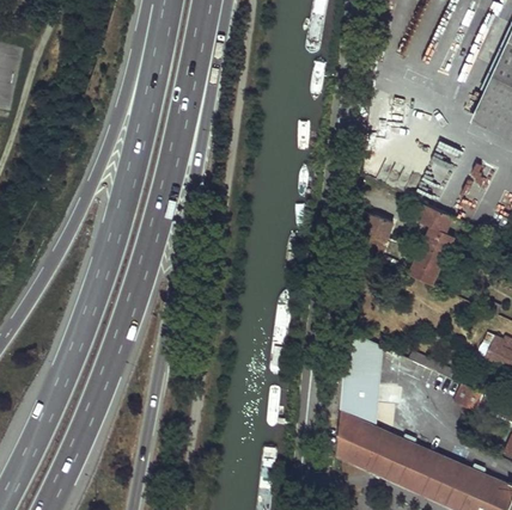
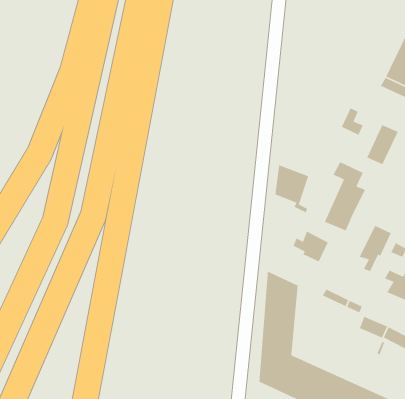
building: none -> [359,225,392,272]
building: none -> [292,230,329,262]

